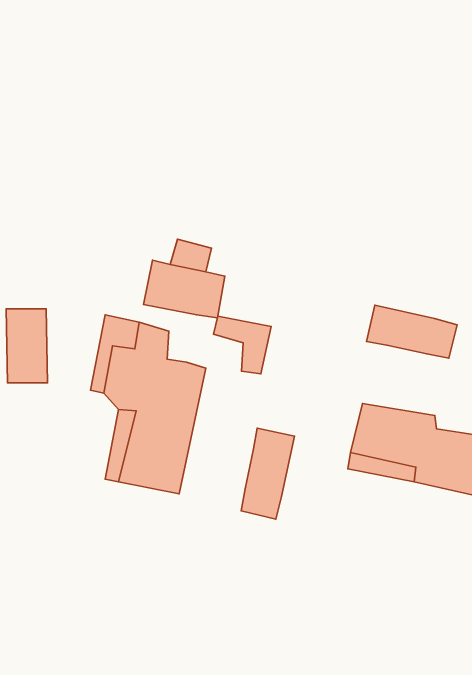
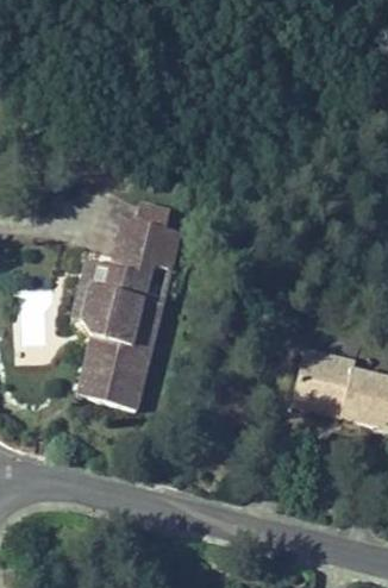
building: [367,305,457,358] -> none
building: [214,316,271,374] -> [117,268,163,314]
building: [241,428,295,519] -> none

